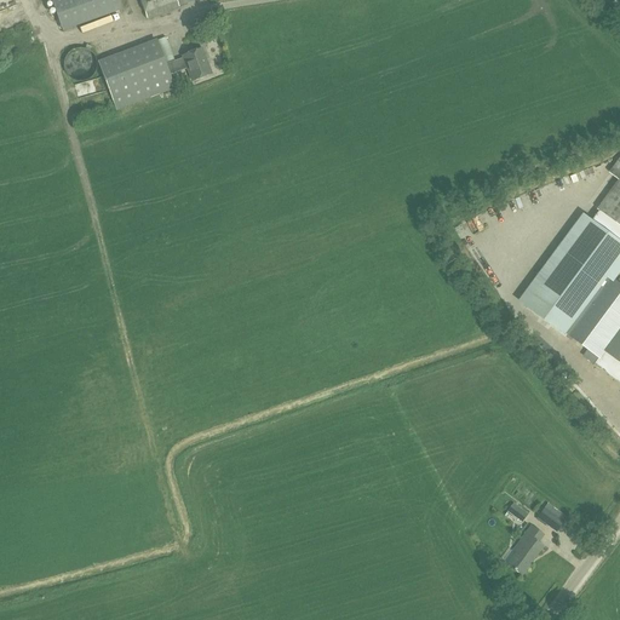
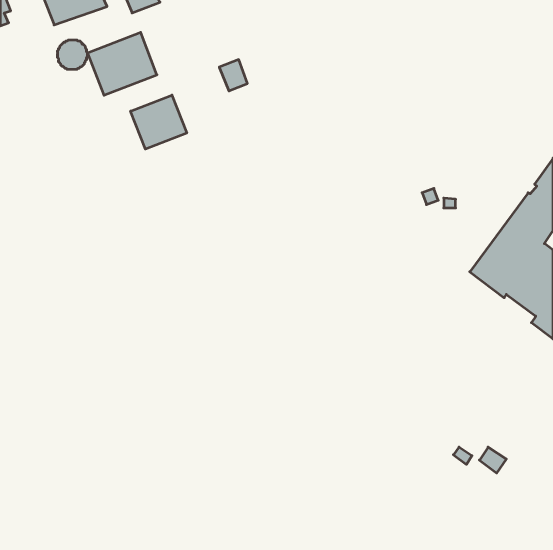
building: [182,44,213,79] -> [219,60,247,91]
building: none -> [131,95,187,149]
building: [509,522,544,572] -> none

